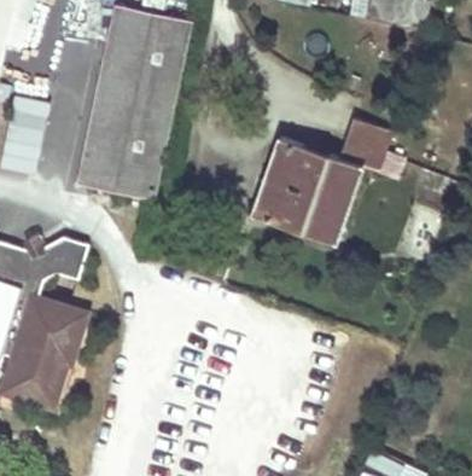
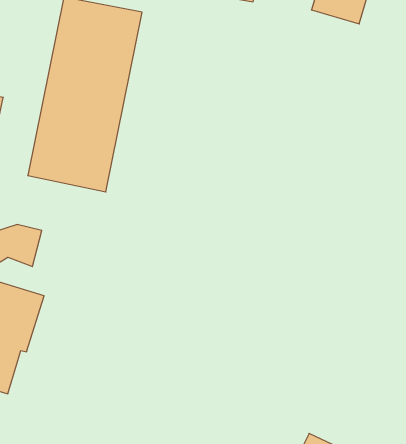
building: [260,121,387,246] -> none

